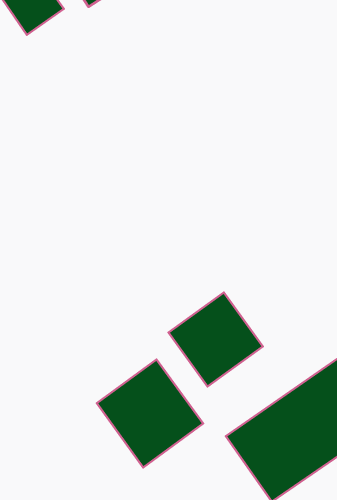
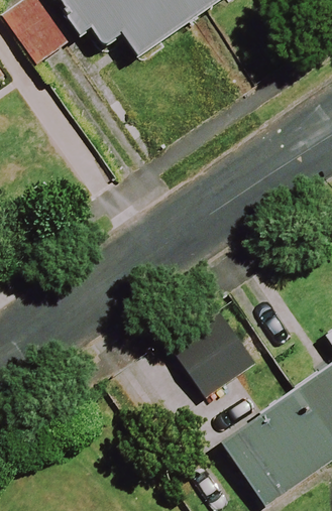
building: [97,360,203,467] -> none

